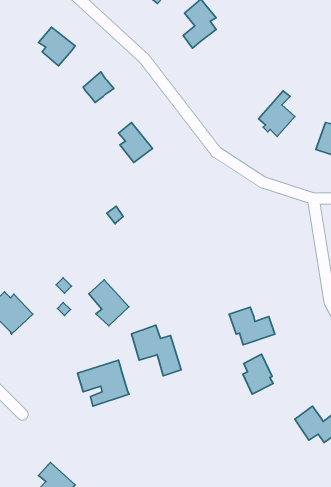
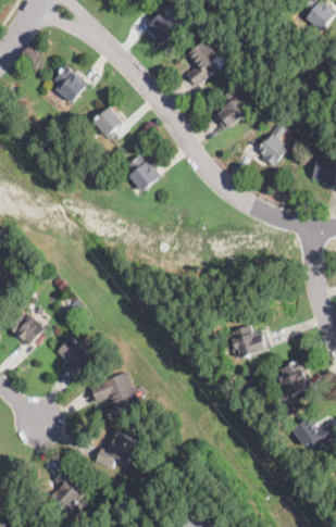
building: none -> [214,89,250,130]
building: [89,280,129,326] -> [55,336,92,378]
building: [132,325,181,376] -> none
building: [243,354,273,394] -> [278,360,307,397]
building: none -> [92,430,137,468]

